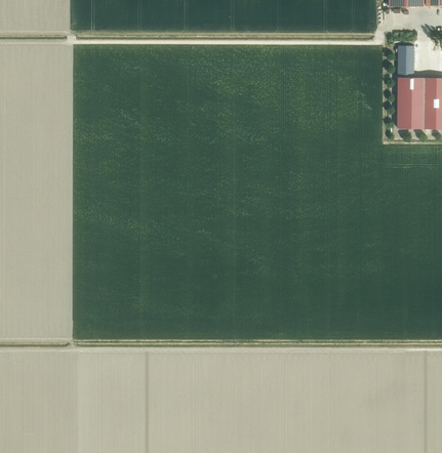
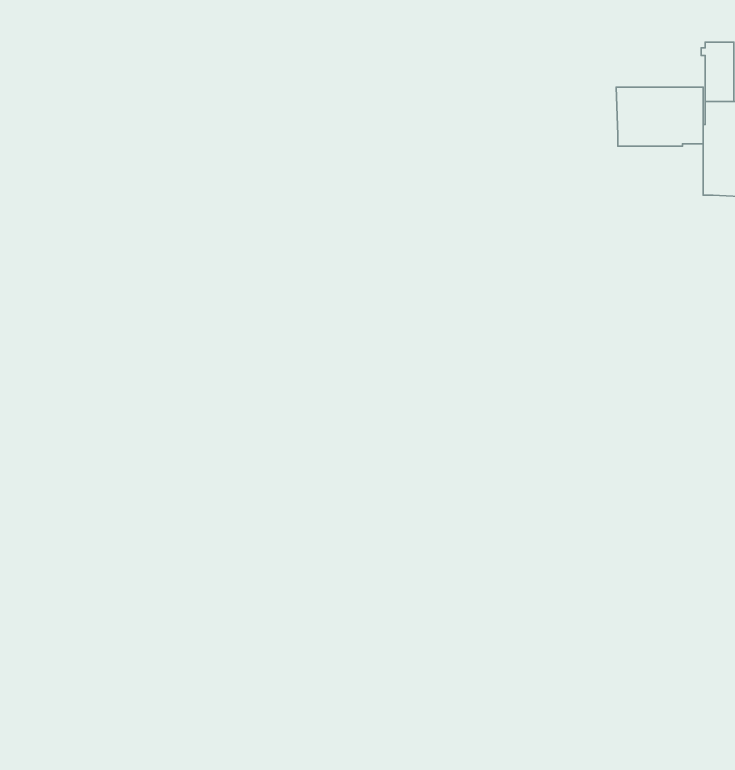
building: none -> [616,87,703,146]

